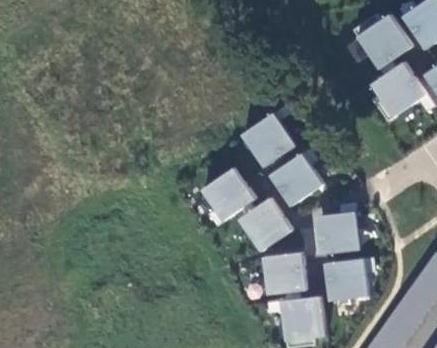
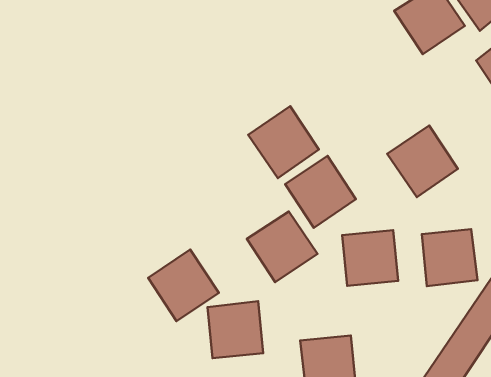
building: [370,60,427,118] -> [387,125,458,197]
building: [200,165,257,223] -> [148,249,219,321]
building: [262,250,307,296] -> [207,301,263,358]
building: [324,257,369,303] -> [422,229,478,286]

